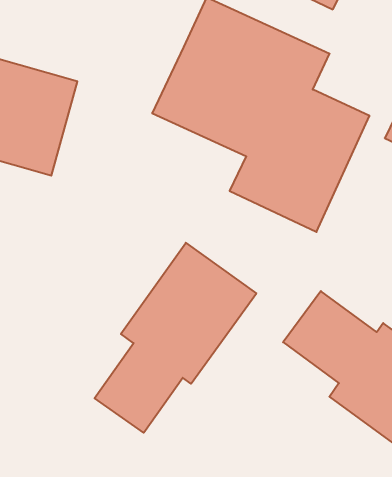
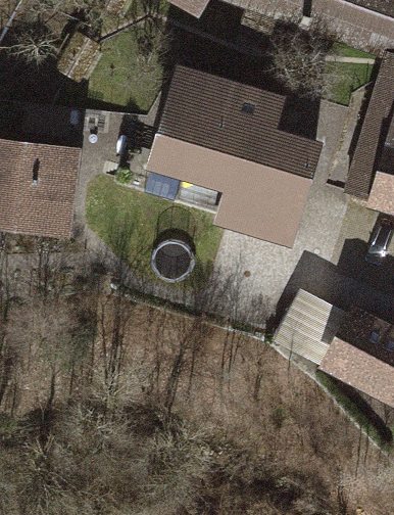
building: [95,243,256,433] -> none

